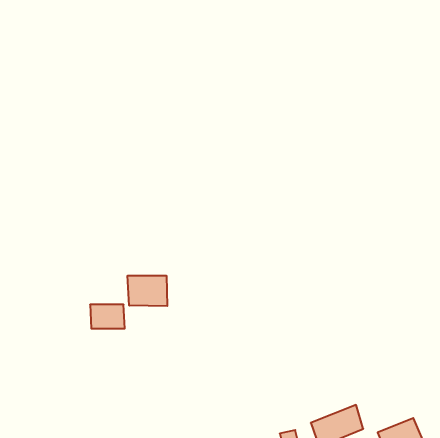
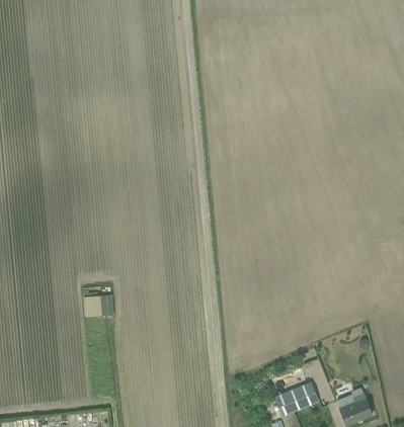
building: [128,276,167,306] -> none

